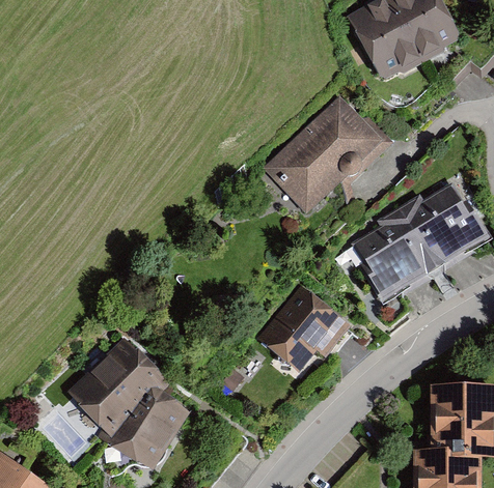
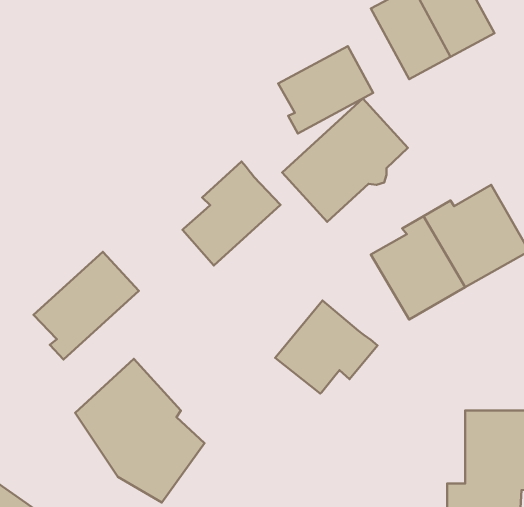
building: none -> [278,46,373,134]
building: none -> [183,161,280,266]
building: none -> [33,252,139,359]

